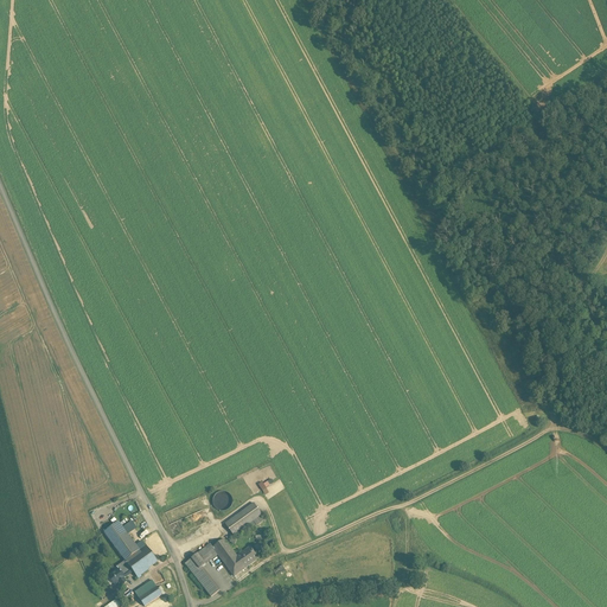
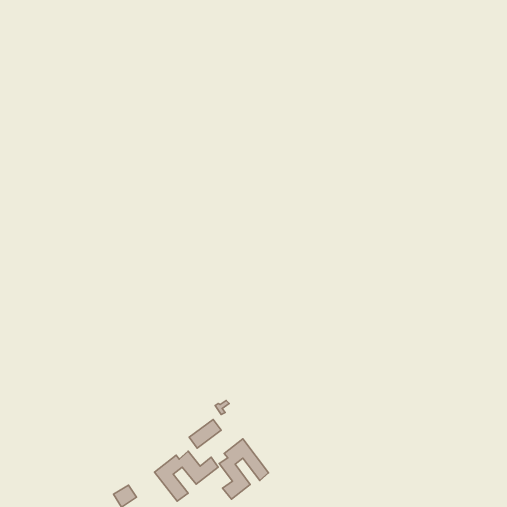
building: [103,518,160,583] -> none
building: none -> [219,439,269,499]

